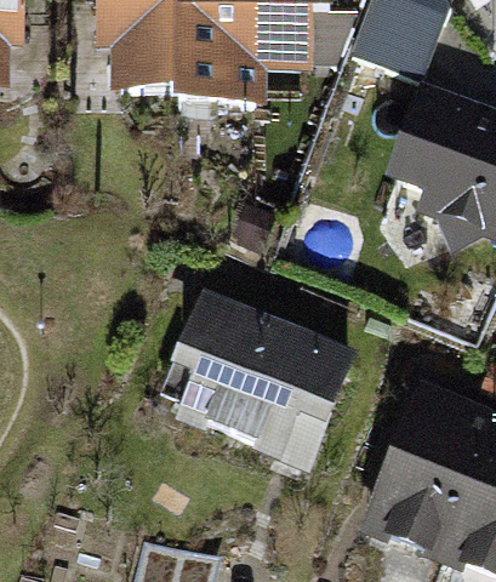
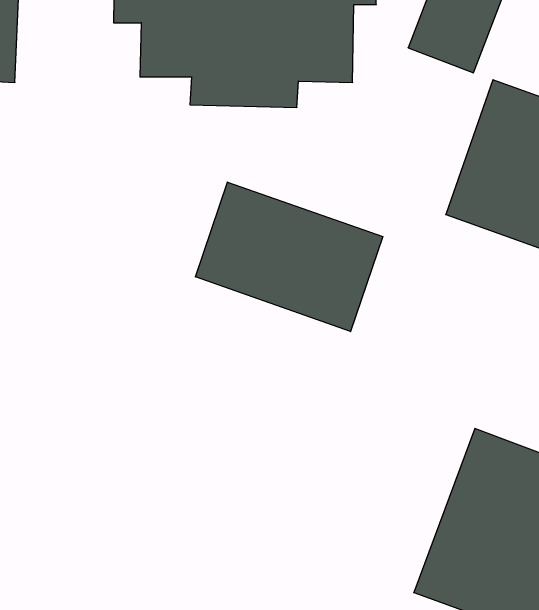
building: none -> [195,182,383,332]
building: [170,307,342,467] -> none

